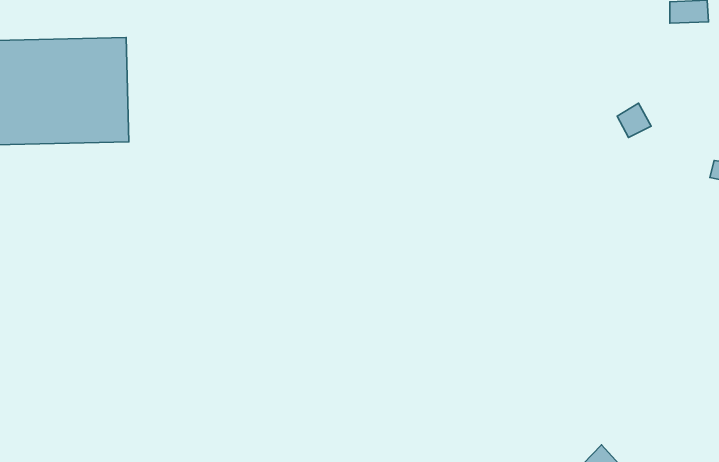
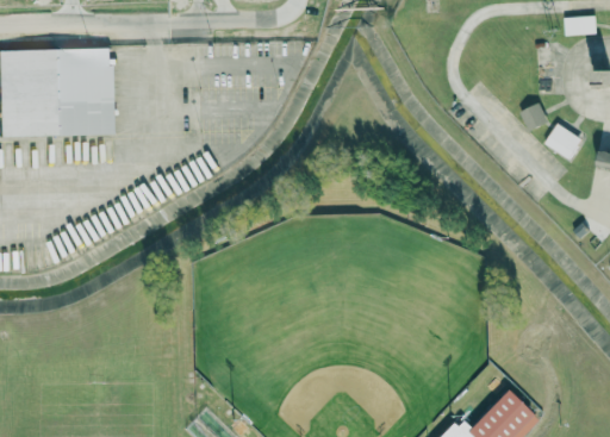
building: none -> [544,124,583,160]

